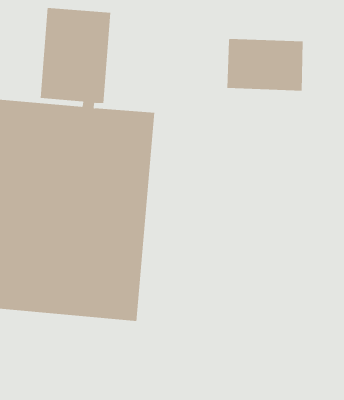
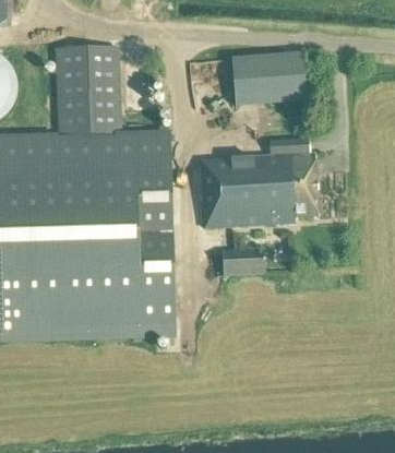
building: none -> [194,136,318,228]
building: none -> [222,247,265,275]

